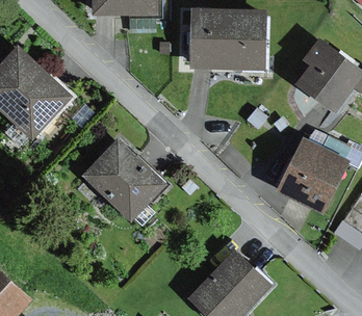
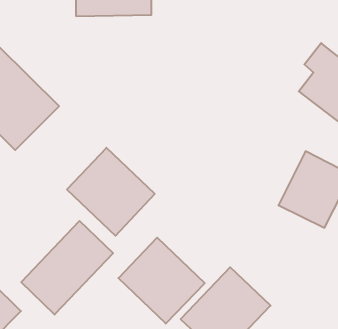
building: [190,9,264,67] -> none
building: none -> [21,221,113,315]
building: none -> [118,238,205,324]

